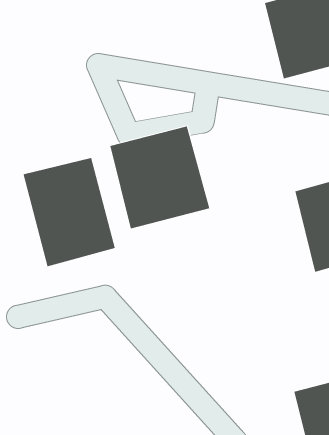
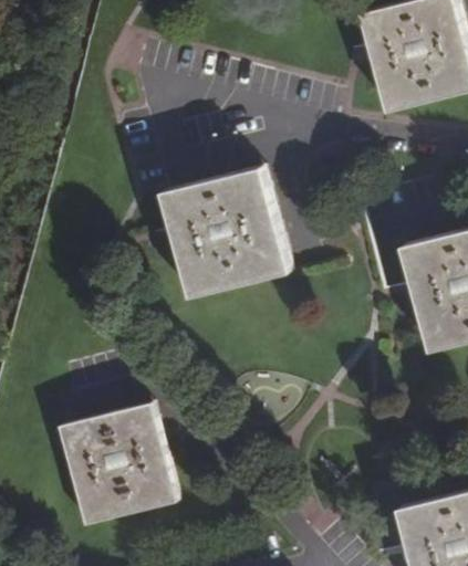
building: [23,157,116,267] -> none
building: none -> [59,406,176,528]

